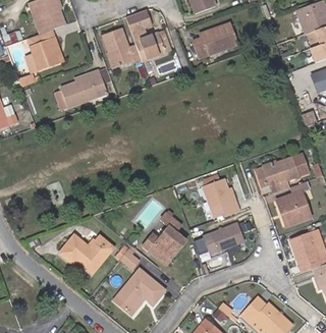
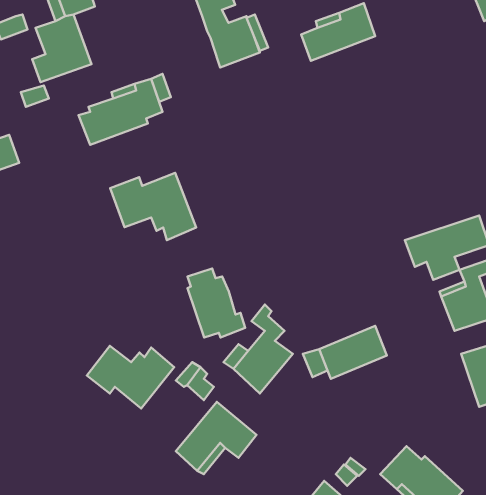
building: [102,29,141,66] -> none
building: none -> [110,173,196,240]
building: [203,174,238,217] -> [188,268,245,338]

